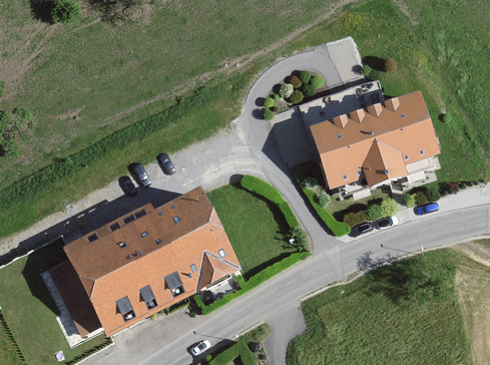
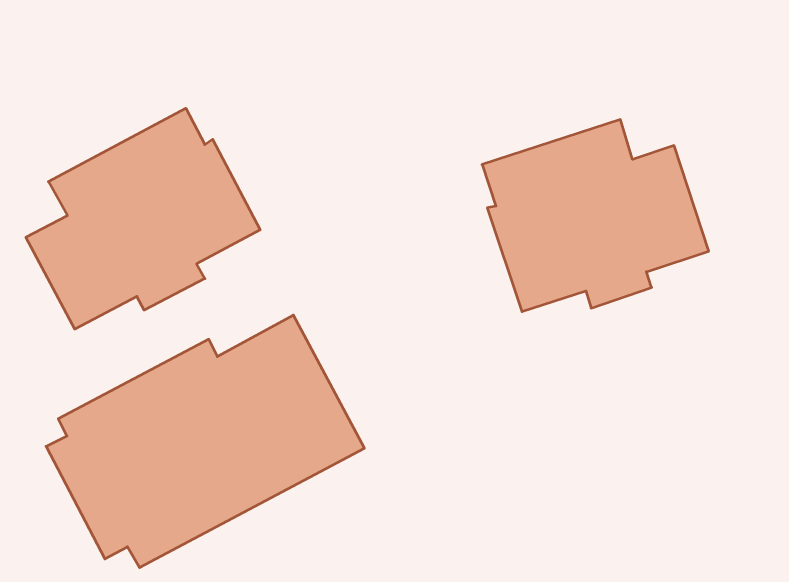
building: none -> [26,108,260,329]

